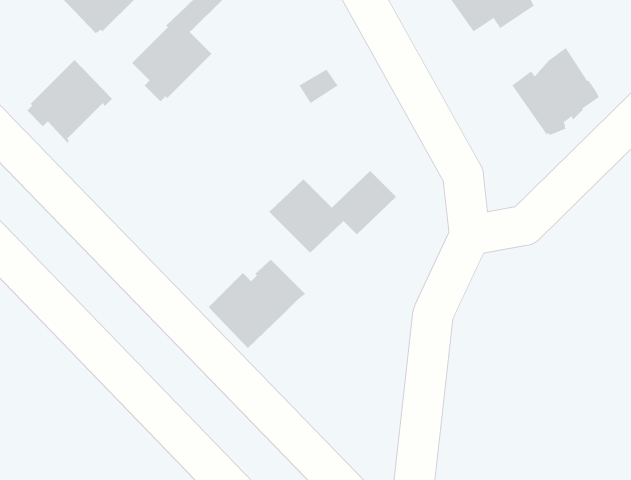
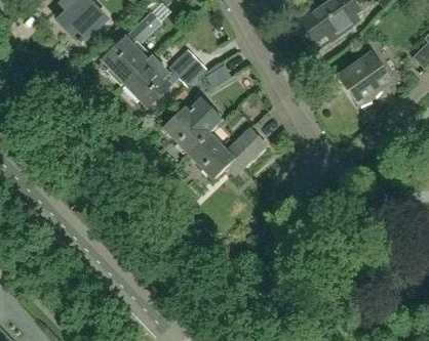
building: none -> [171,49,206,85]
building: [26,59,113,144] -> [123,55,177,108]
building: [208,259,306,349] -> [163,97,224,153]

